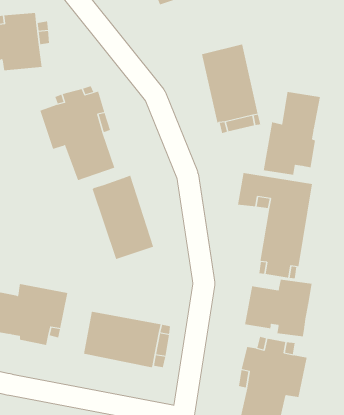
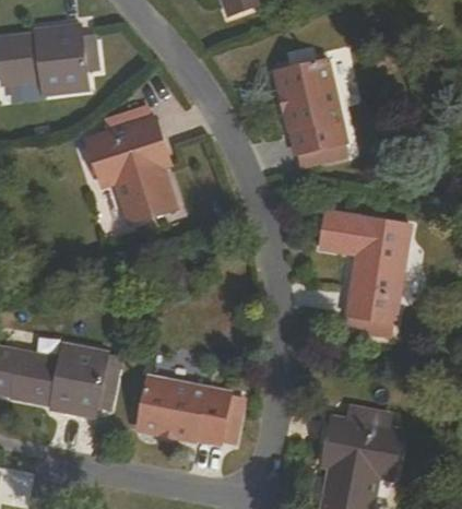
building: [263,91,320,176] -> none
building: [92,175,154,260] -> none
building: [245,279,312,337] -> none

